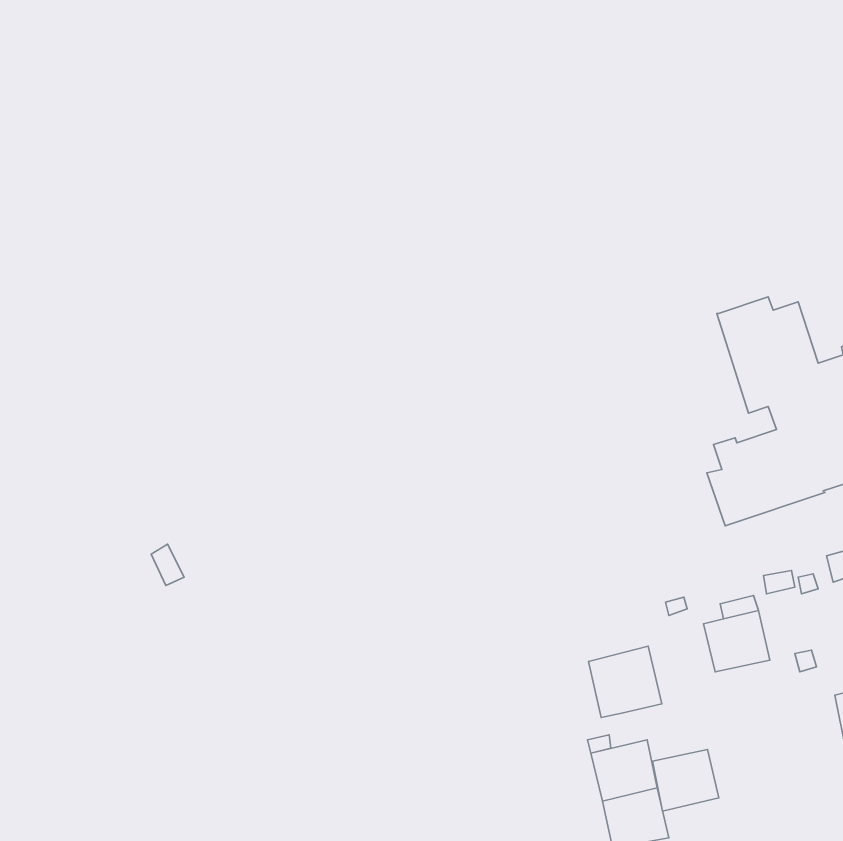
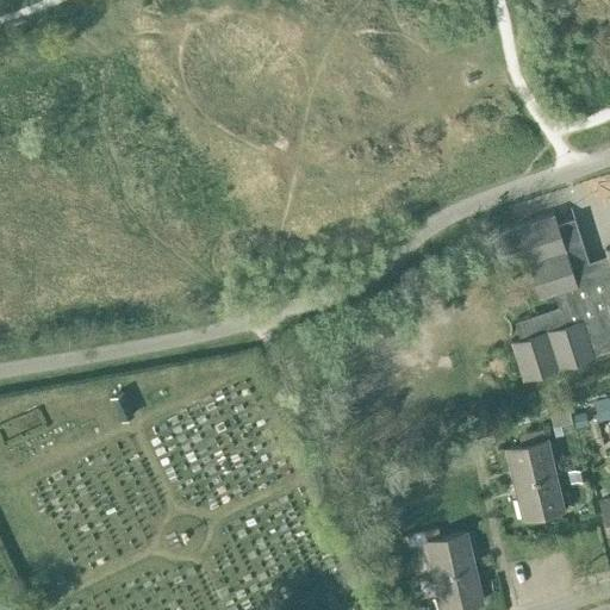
building: [588,646,662,718] -> none
building: [653,750,719,811] -> [517,479,565,523]

